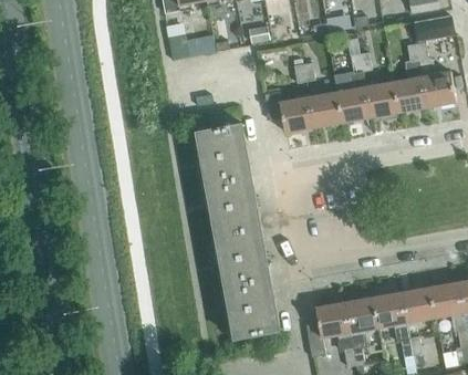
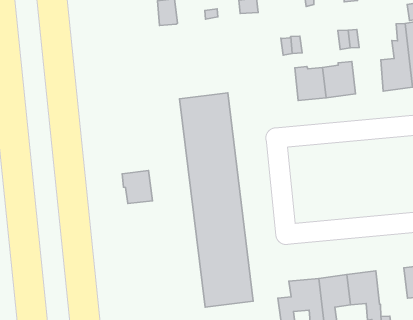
building: [364,82,397,117] -> none
building: [263,92,313,133] -> none
building: none -> [122,170,153,203]
building: [401,288,434,325] -> none

